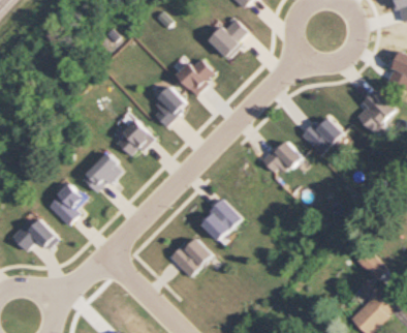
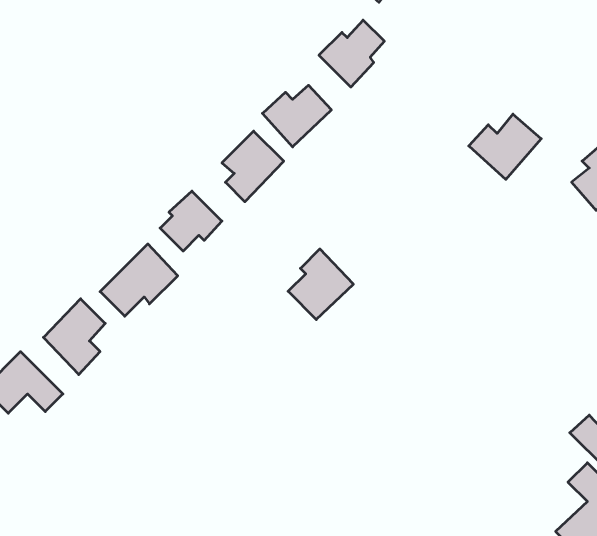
building: [302,116,344,154] -> [469,114,541,179]
building: [264,141,302,173] -> none
building: [202,198,241,239] -> [288,249,353,320]
building: [168,238,213,278] -> none

